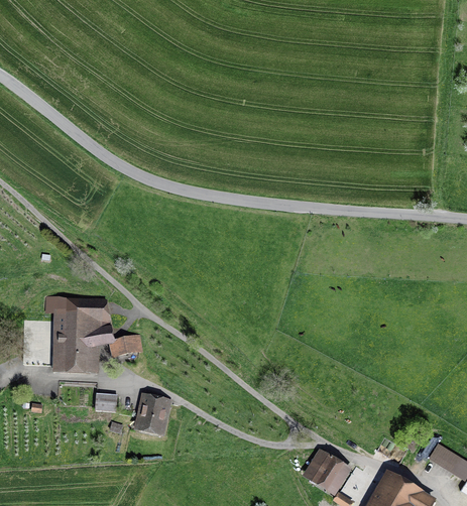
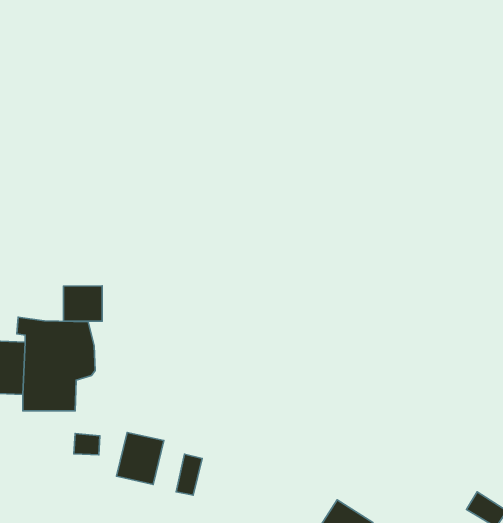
building: none -> [63,286,102,321]
building: [111,335,144,359] -> none
building: none -> [176,454,202,495]

